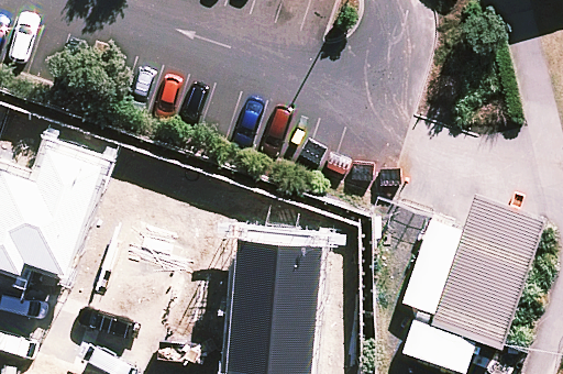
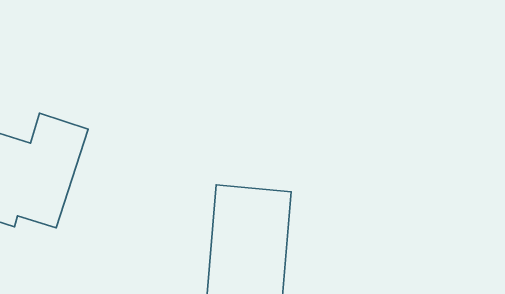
building: [430,216,534,339] -> none

